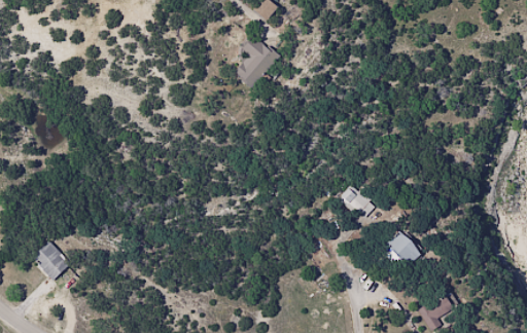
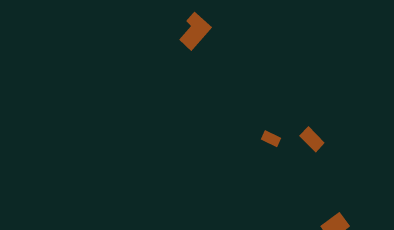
building: [386,230,421,266] -> [298,125,326,153]
building: [31,239,71,280] -> none

